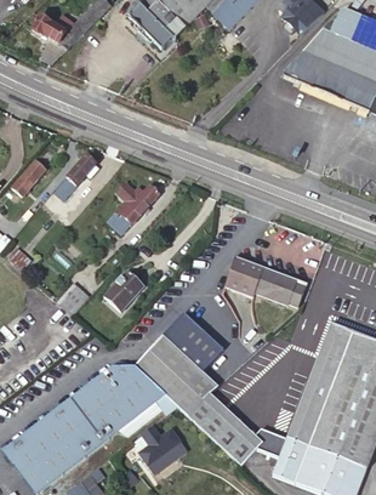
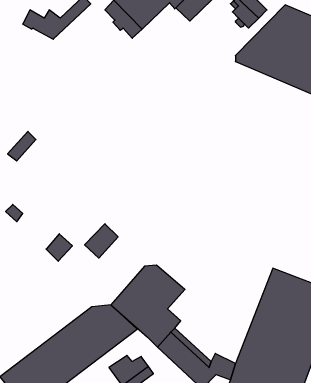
building: [55,154,99,198] -> none
building: [109,182,158,233] -> none
building: [223,257,304,306] -> none

